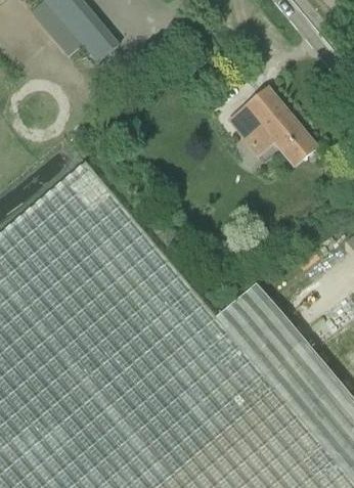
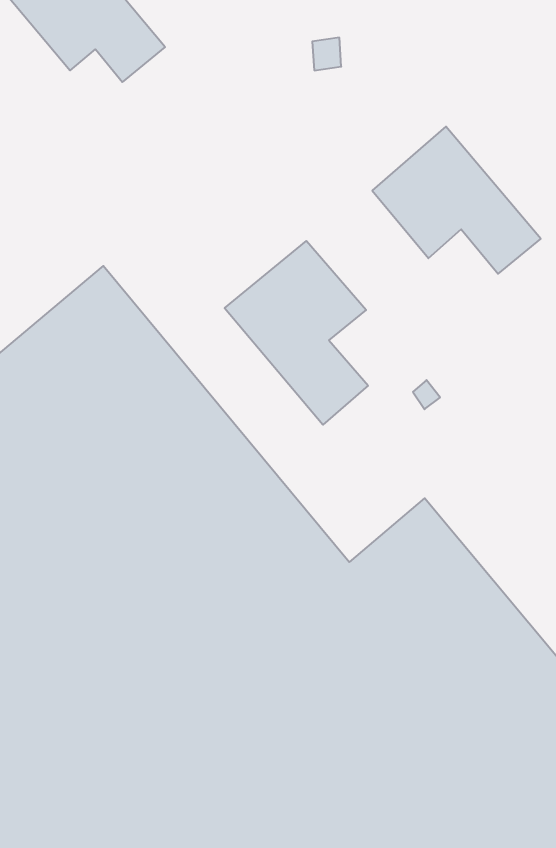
building: none -> [225,241,368,425]

